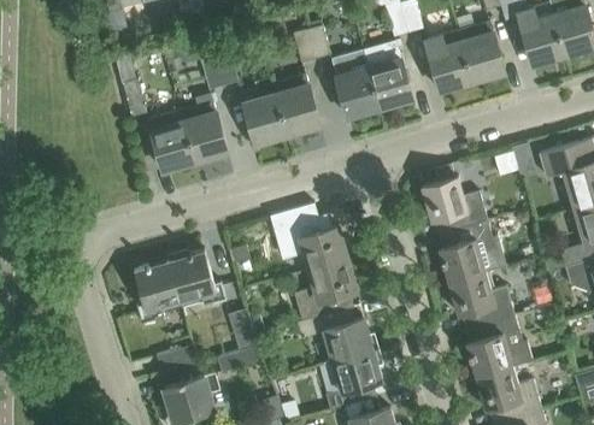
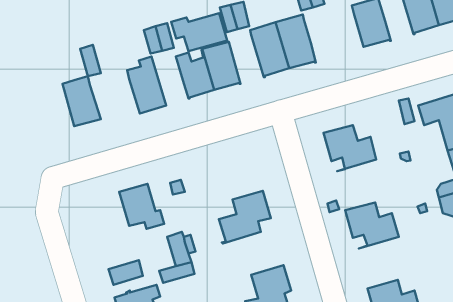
building: [425,31,471,93] -> none
building: none -> [171,13,227,51]
building: [148,111,195,172] -> [63,76,101,126]
building: [271,206,347,270] -> none
building: [439,220,507,283] -> none
building: [134,260,182,324] -> none
building: [298,307,372,362] -> none
building: [465,315,531,379] -> none

